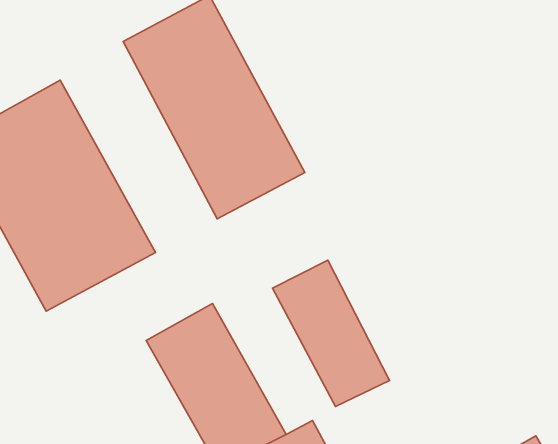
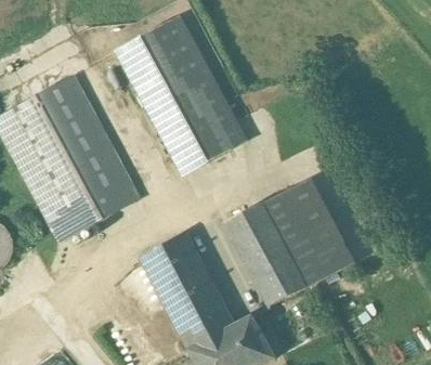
building: none -> [262,178,353,287]

